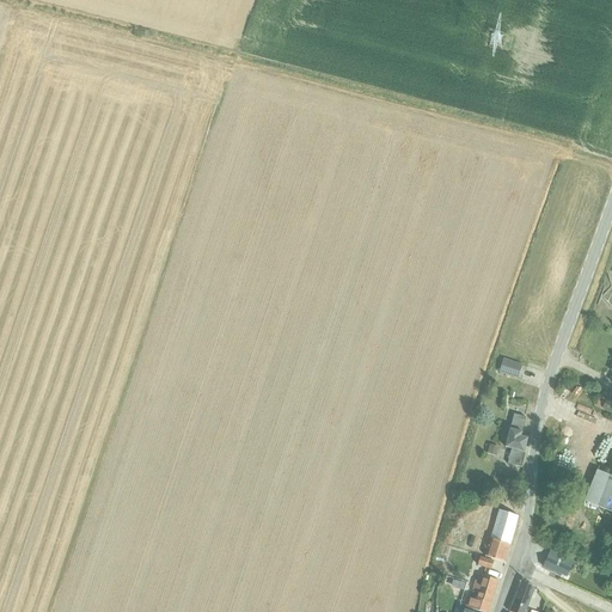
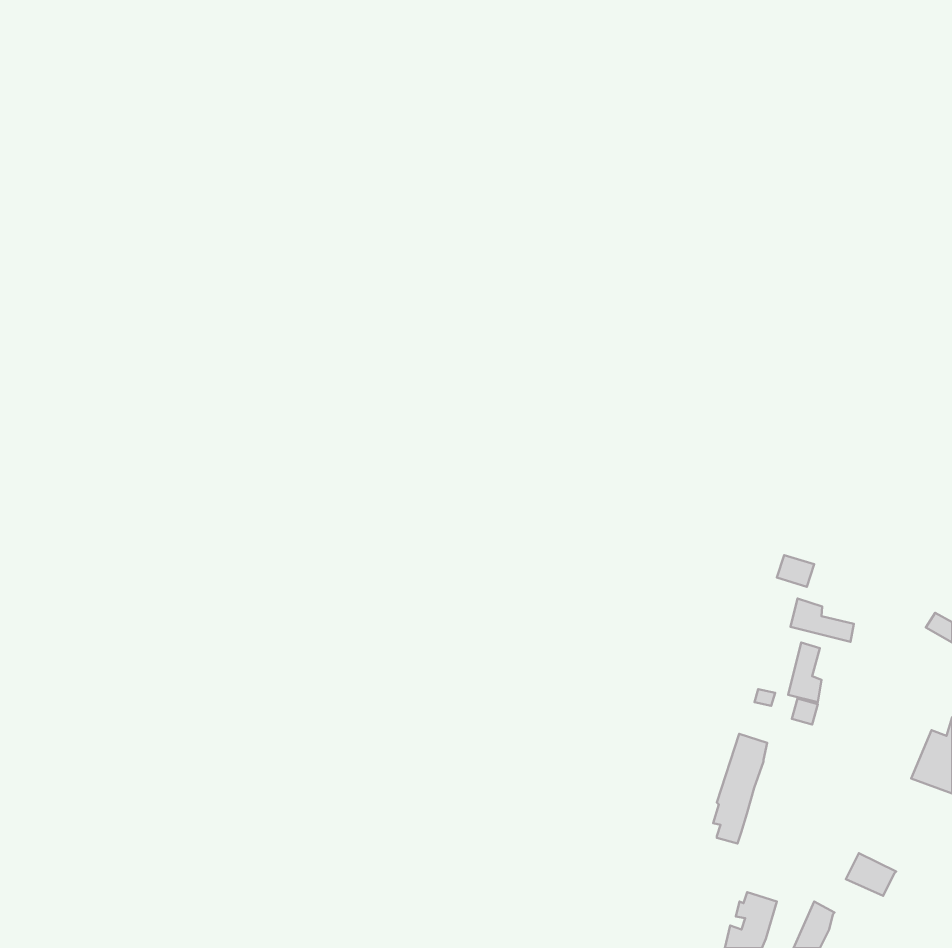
building: none -> [790,599,854,642]
building: [483,508,518,579] -> [713,734,767,844]

